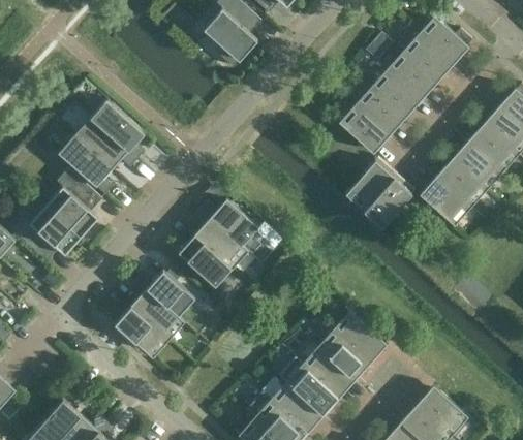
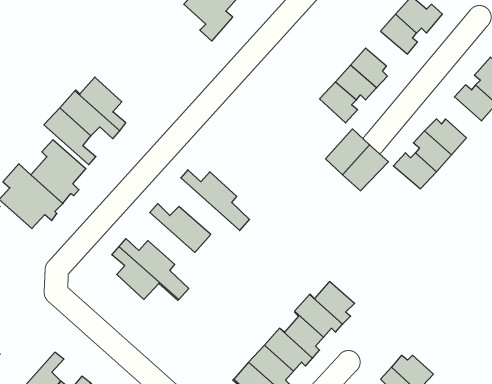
building: [392,58,435,94] -> none
building: [473,126,512,168] -> none
building: [193,210,262,269] -> none
building: [104,308,162,354] -> none

